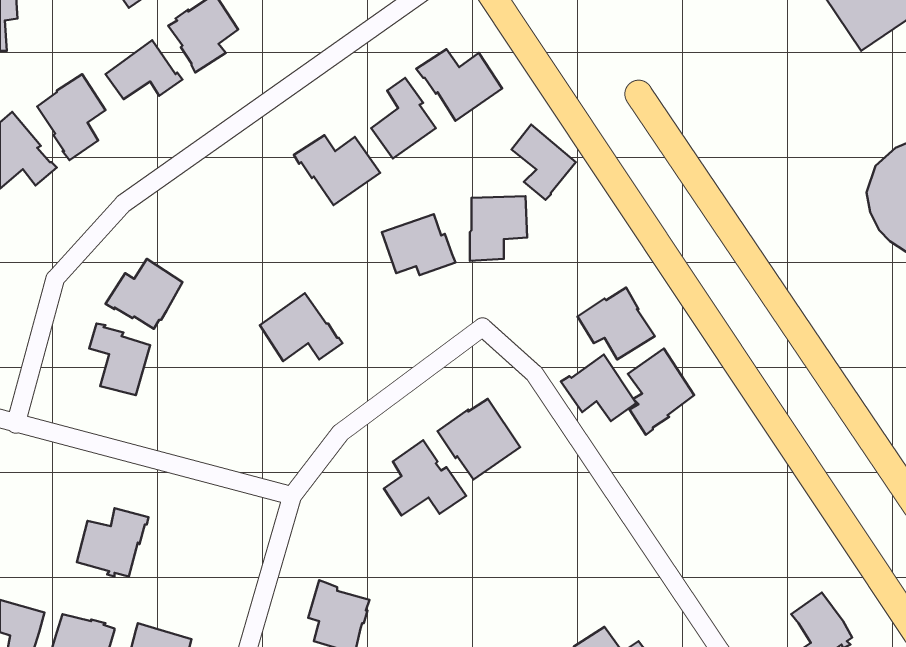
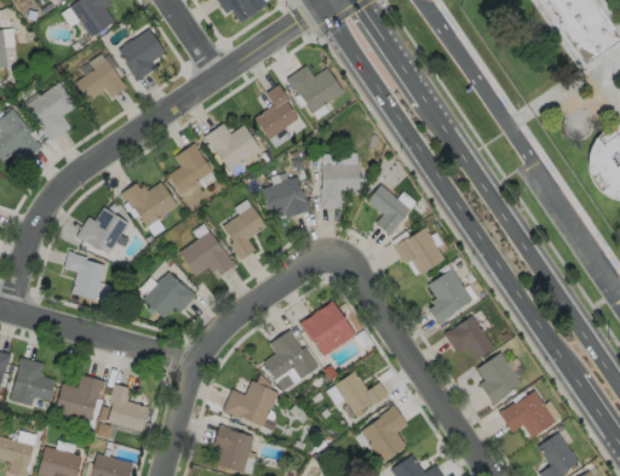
building: [511,125,576,200] -> [367,184,411,235]
building: none -> [167,143,212,194]
building: none -> [120,182,177,226]
building: none -> [222,206,266,260]
building: none -> [143,271,196,319]
building: [561,355,636,421] -> [443,315,494,360]
building: none -> [477,352,522,406]
building: none -> [10,357,56,407]
building: none -> [334,371,388,415]
building: none -> [222,374,277,431]
building: none -> [108,384,149,431]
building: none -> [499,390,556,438]
building: none -> [361,405,407,461]

